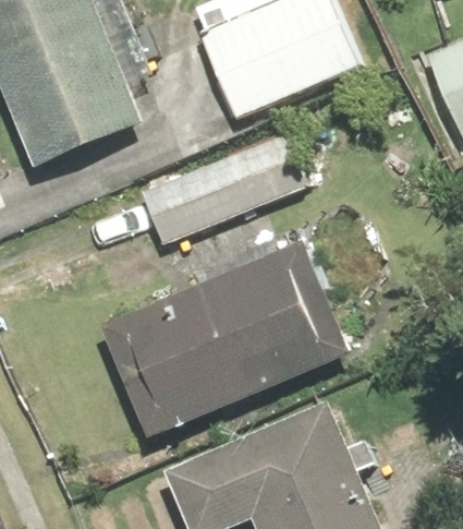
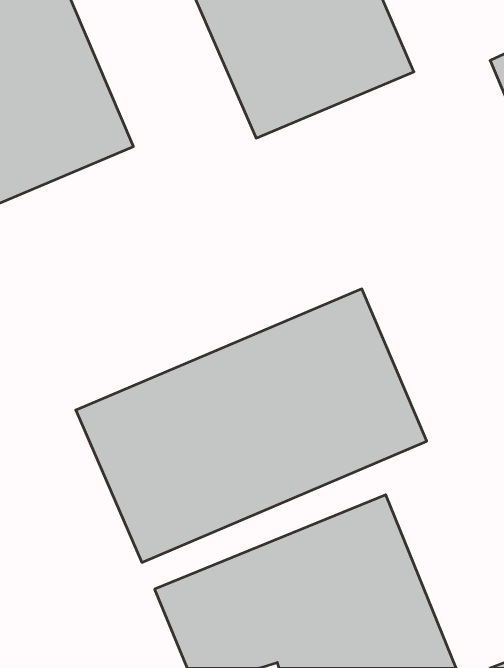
building: [135,130,309,245] -> none

